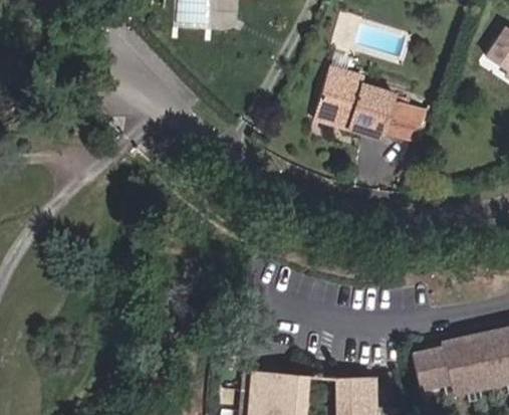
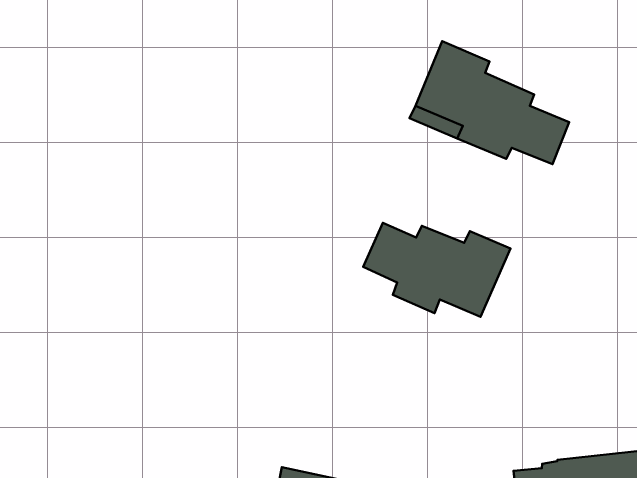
building: none -> [363,223,510,317]

